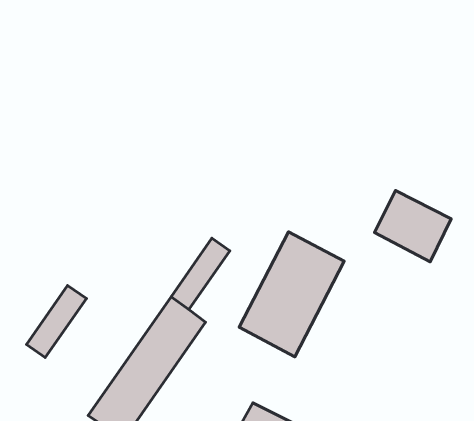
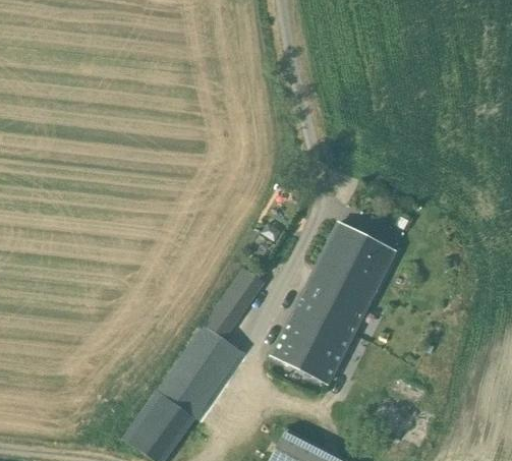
building: [375,190,451,262] -> [320,223,394,292]
building: [26,285,86,357] -> none

